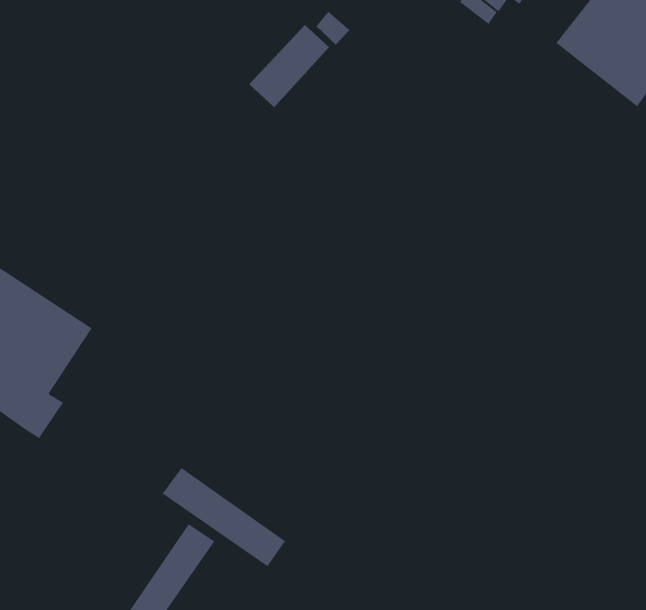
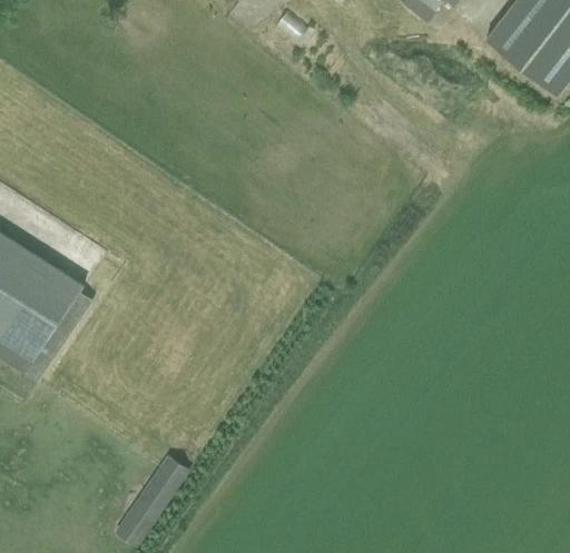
building: [249,24,330,108] -> none
building: [162,467,286,567] -> none

